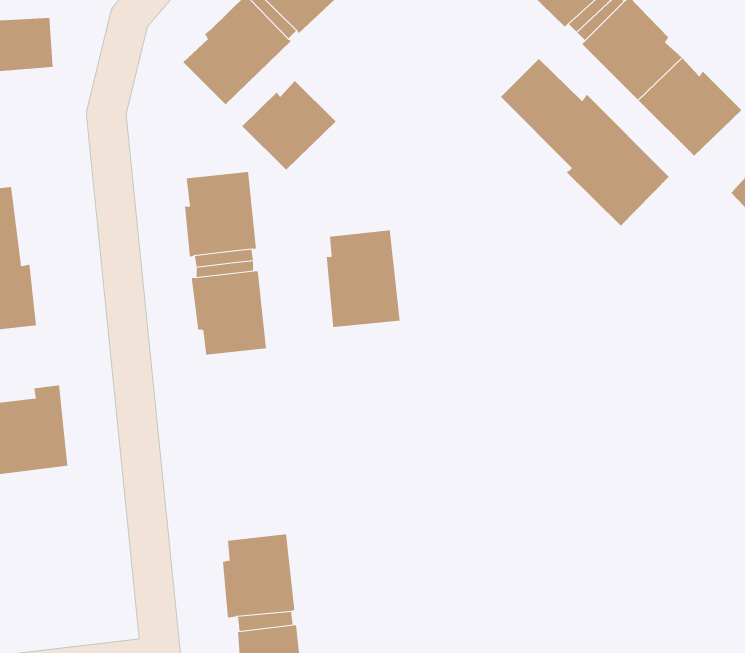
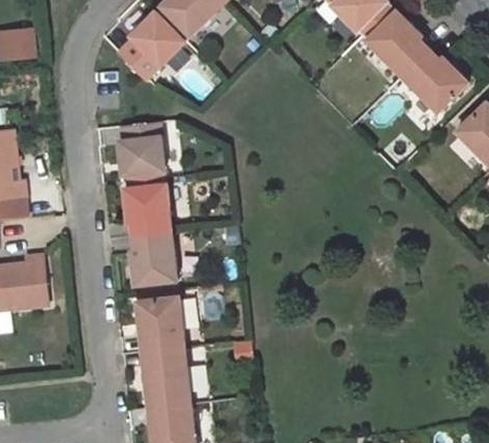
building: [500,58,670,226] -> none
building: [241,80,337,170] -> none
building: [326,230,400,328] -> [131,232,178,293]
building: none -> [137,302,184,352]

